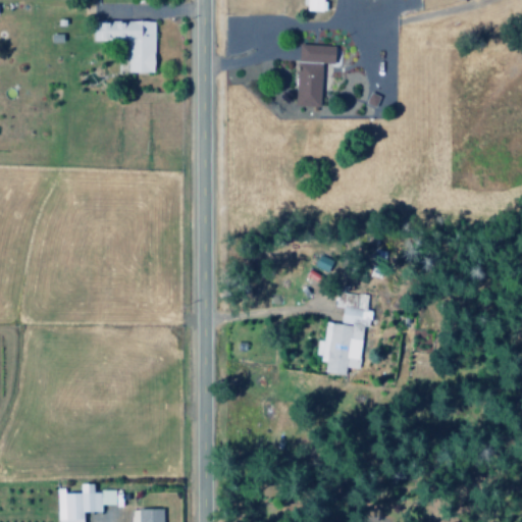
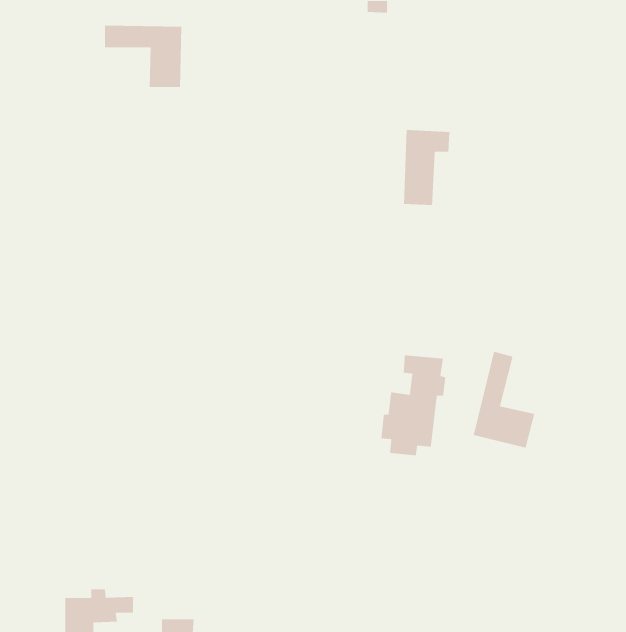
building: [297,45,335,108] -> [403,129,450,206]
building: none -> [473,351,535,448]

